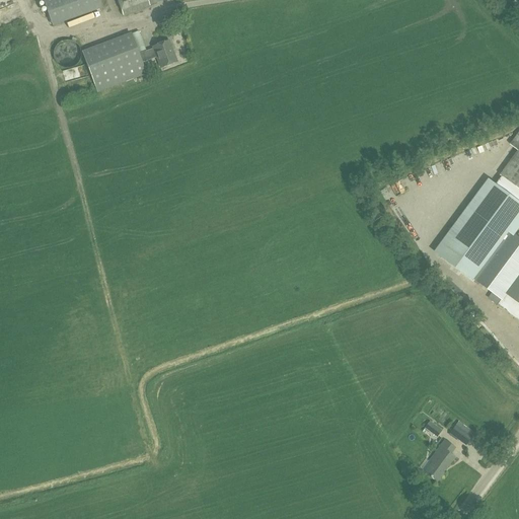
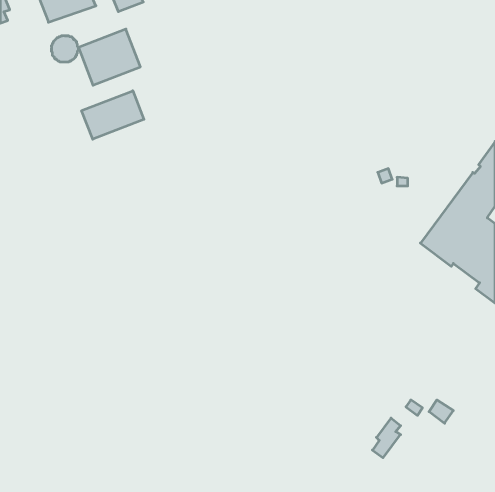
building: [152,36,178,66] -> none
building: none -> [82,91,144,139]
building: [426,437,455,478] -> [372,418,401,458]

